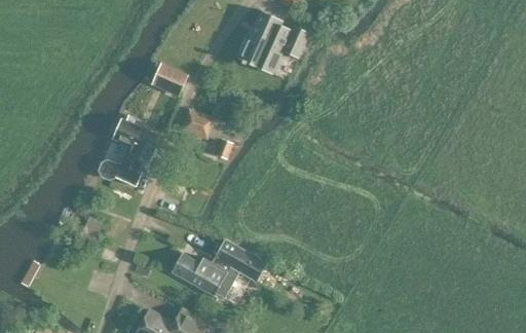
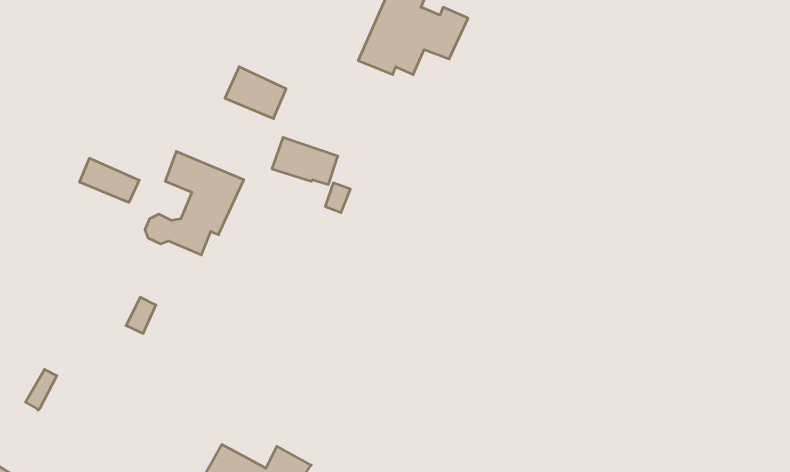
building: none -> [80,158,139,202]
building: [170,239,265,301] -> none

